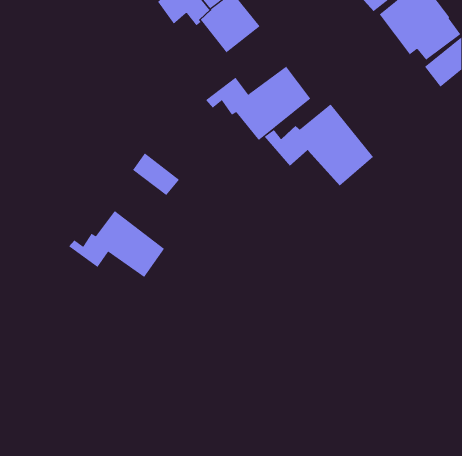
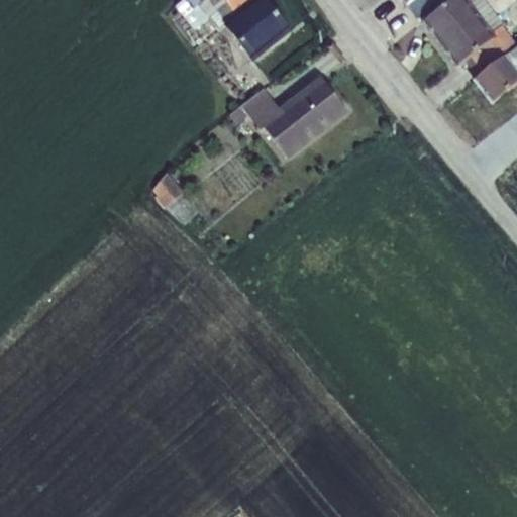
building: [264,104,374,187] -> none
building: [68,210,165,278] -> none

